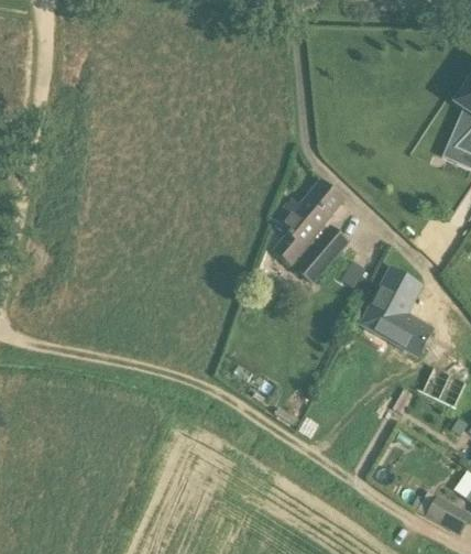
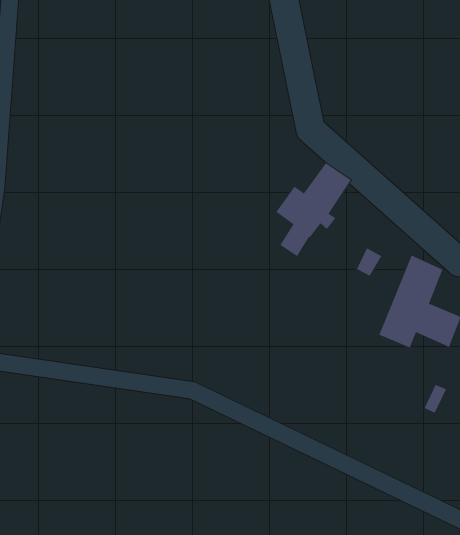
building: [295,229,347,283] -> none

